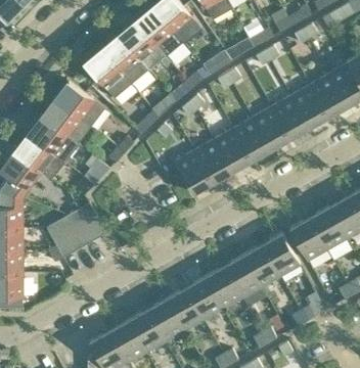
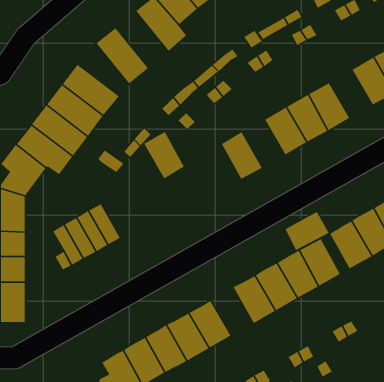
building: [100,33,148,85] -> none
building: [289,86,327,129] -> none
building: [213,130,251,173] -> none
building: [175,151,212,194] -> [143,131,185,180]
building: none -> [284,211,330,251]
building: [185,277,223,320] -> none

